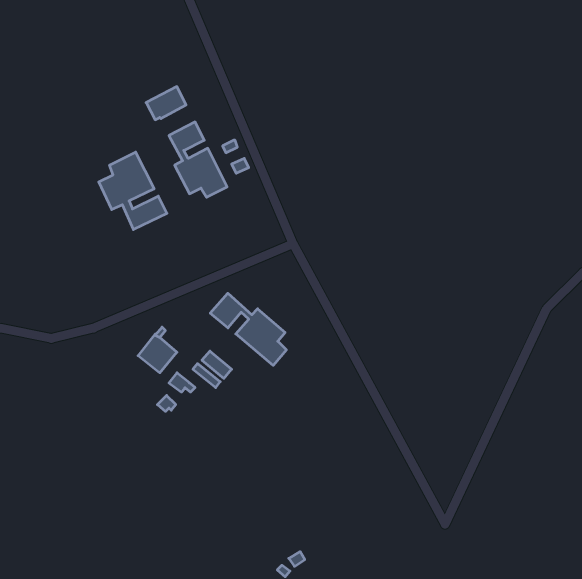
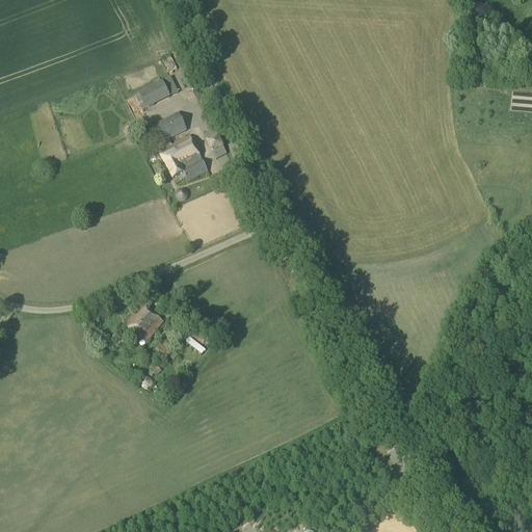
building: [99,152,167,230] -> none
building: [210,293,286,365] -> none

